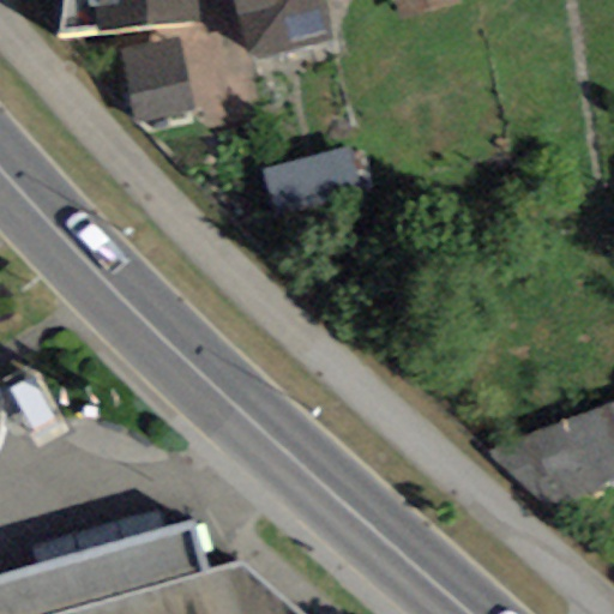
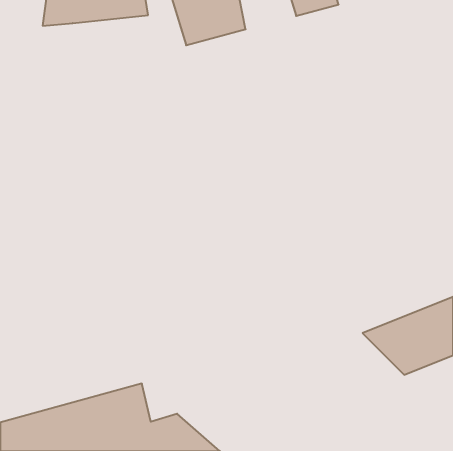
building: [116,36,195,124] -> none
building: [261,149,361,219] -> none

